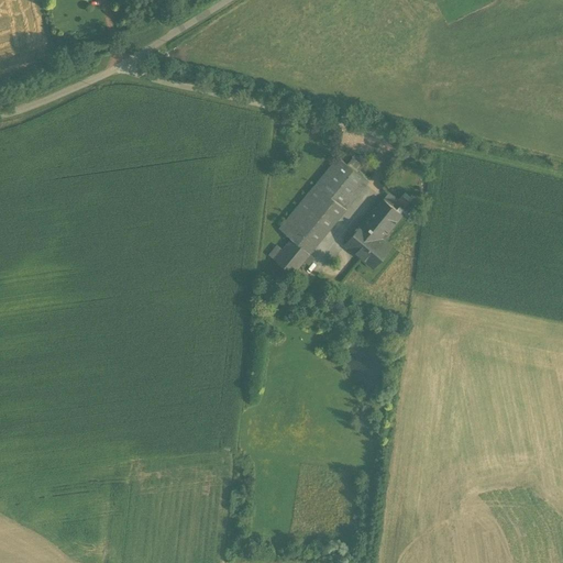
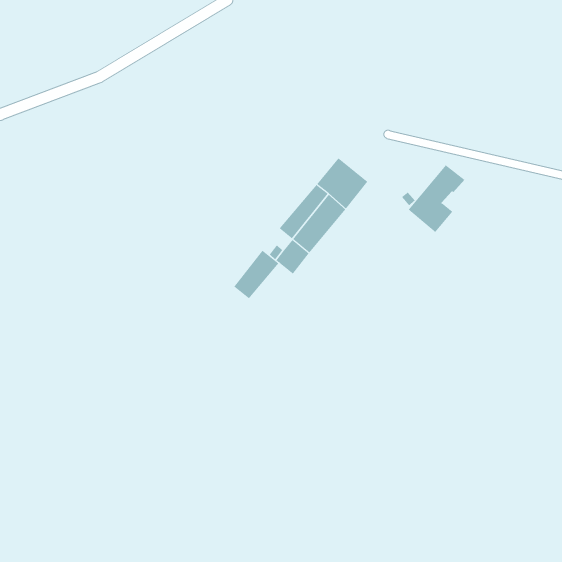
building: [346,200,404,268] -> [408,164,465,233]
building: none -> [234,250,279,299]

